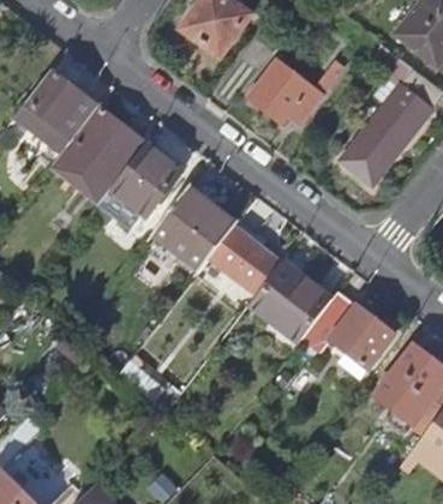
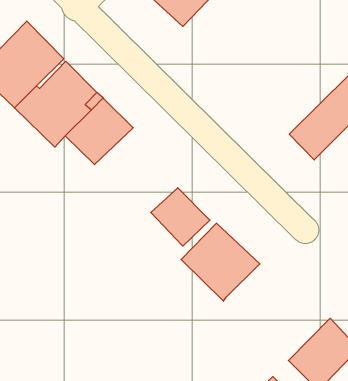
building: [249,58,329,121] -> none
building: [148,184,237,274] -> none
building: [301,292,393,368] -> none

